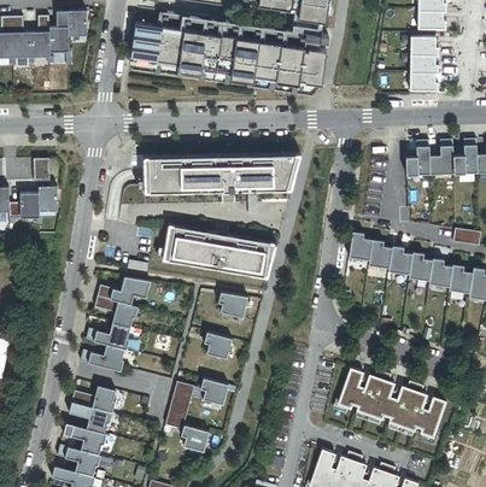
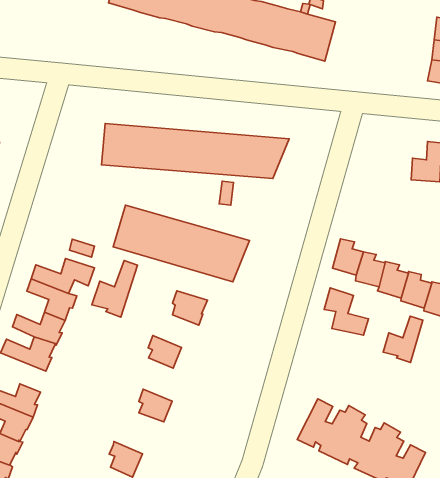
building: none -> [92,260,138,317]
building: none -> [324,288,368,335]
building: none -> [383,316,423,363]
building: [165,381,194,427] -> none

